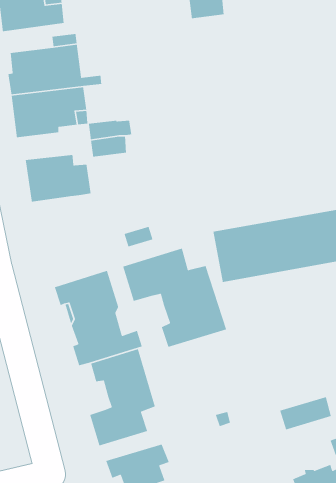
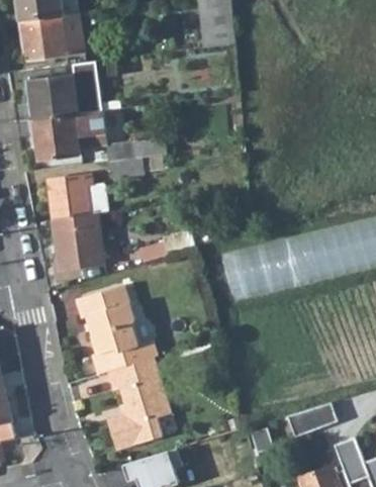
building: none -> [53,214,105,270]
building: [122,248,227,348] -> none

